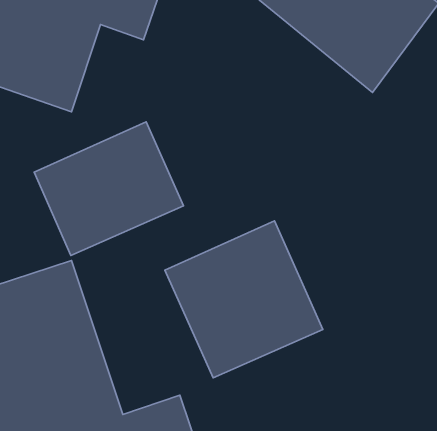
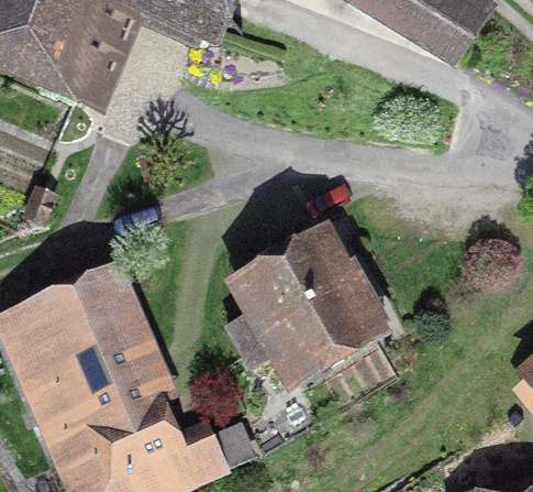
building: [34,122,183,256] -> none

